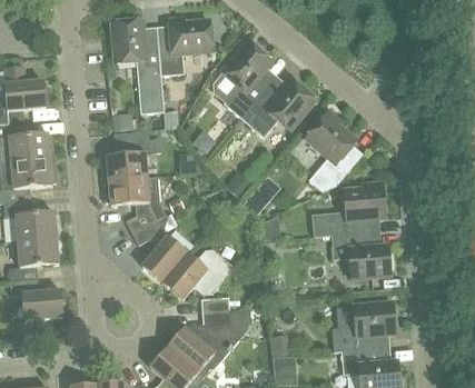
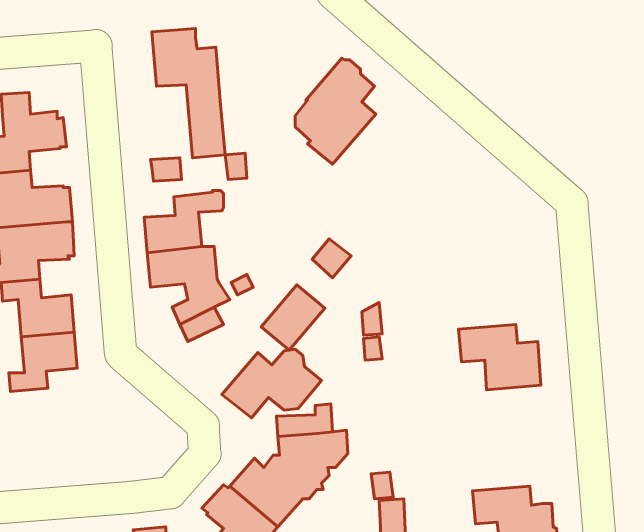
building: [157,18,211,76] -> none
building: [240,80,315,137] -> none
building: [306,111,363,190] -> none
building: [311,181,385,238] -> none
building: [141,236,187,282] -> [261,285,325,350]
building: [10,278,62,319] -> none
building: [338,302,396,351] -> none

